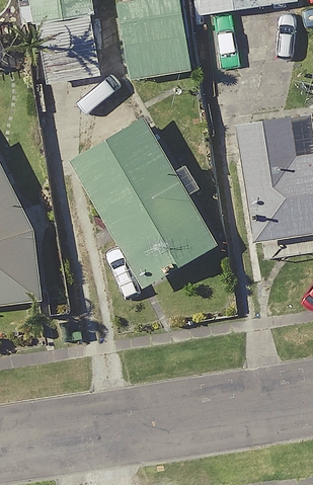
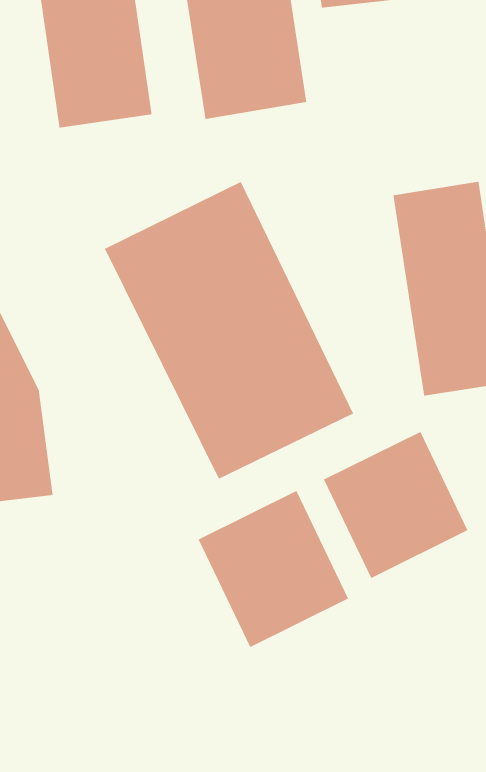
building: none -> [323,431,469,579]
building: none -> [198,490,349,648]

